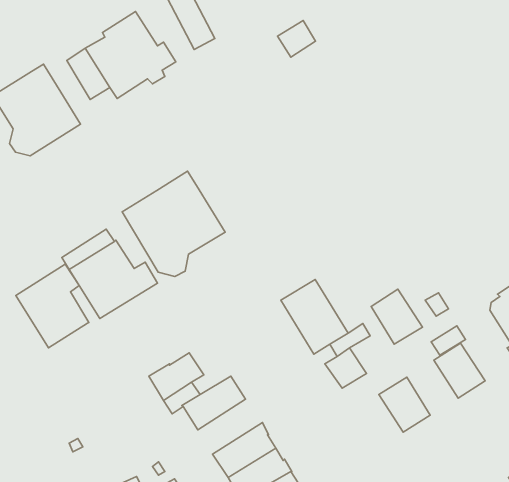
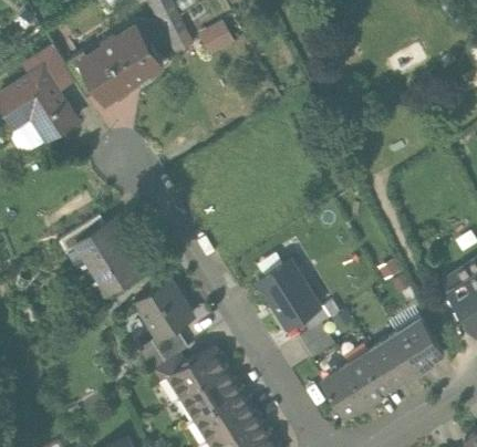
building: [277,20,315,57] -> [197,20,231,53]
building: none -> [27,45,76,92]
building: [122,171,225,276] -> none
building: [16,264,89,348] -> none
building: [371,289,422,344] -> [373,334,419,384]
building: none -> [137,282,194,339]
building: none -> [323,365,370,415]
building: none -> [184,370,242,419]

